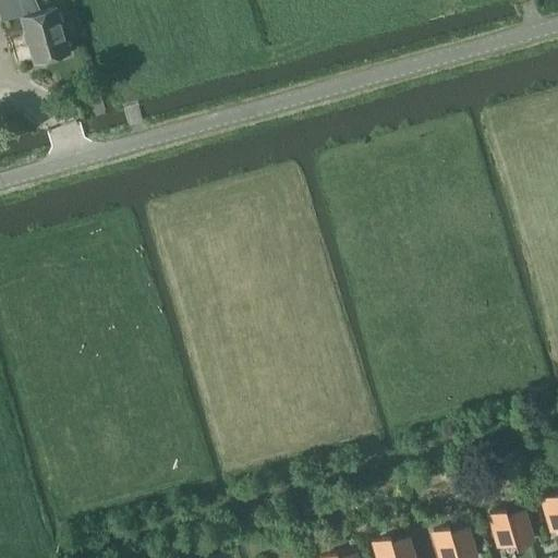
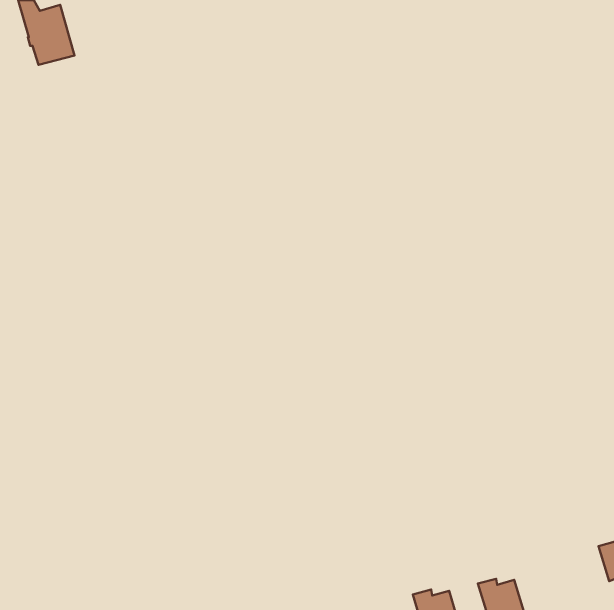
building: [490,511,533,548] -> none

